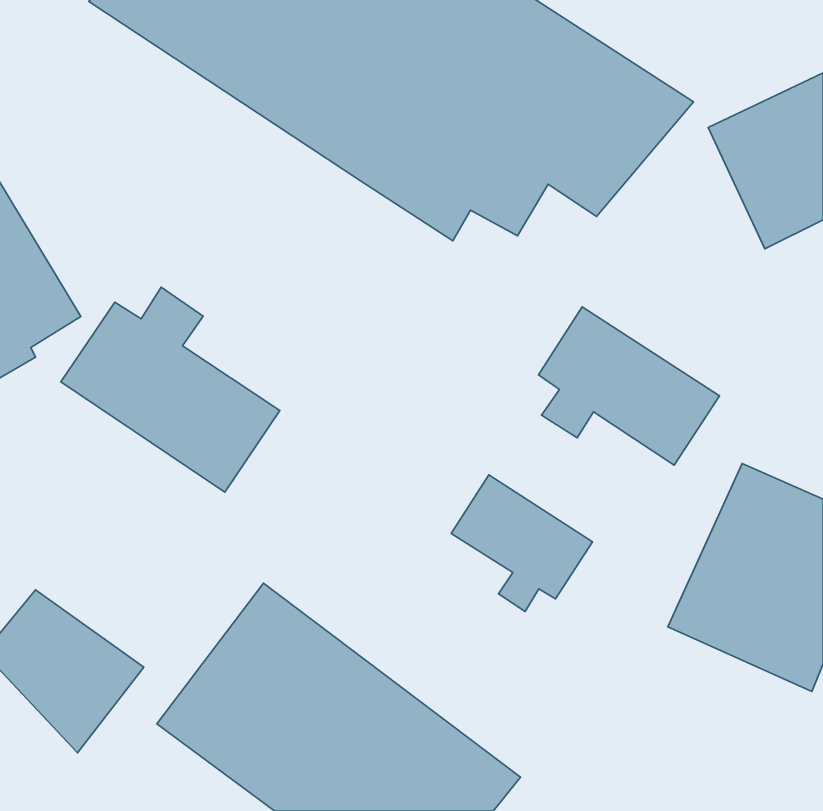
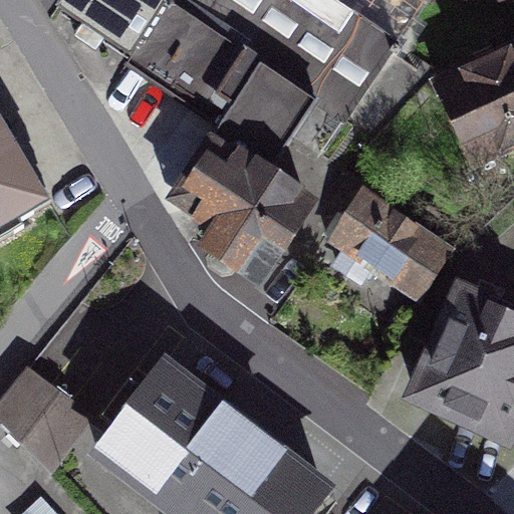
building: none -> [170,112,307,275]
building: [61,287,280,492] -> none
building: [451,475,593,611] -> none

